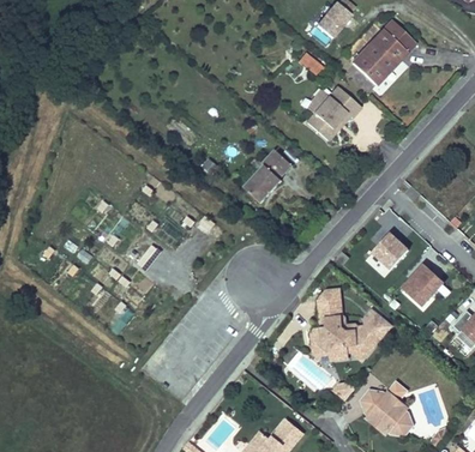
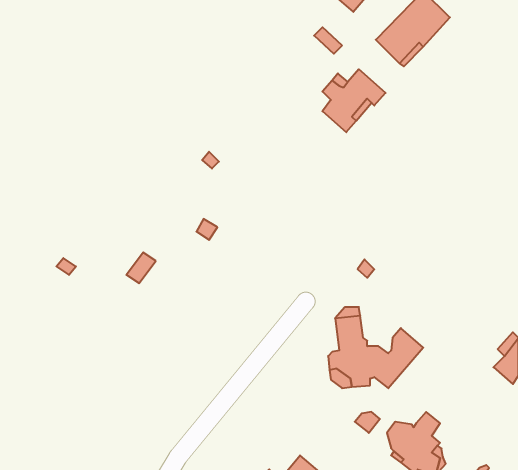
building: [243,149,291,203] -> none
building: [372,234,409,272] -> none
building: [403,264,445,307] -> none

